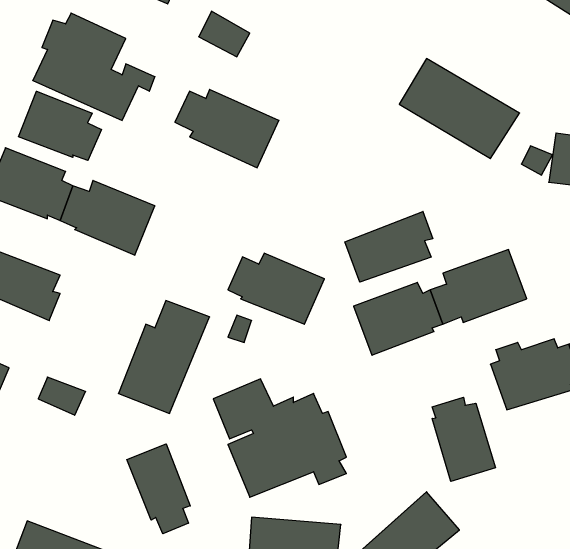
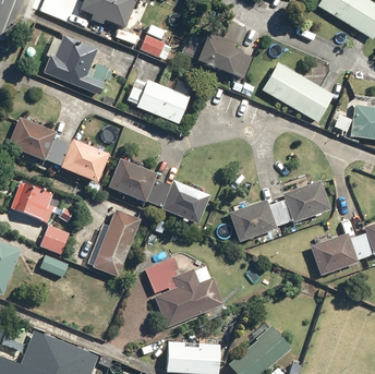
building: none -> [185,37,249,80]
building: [18,91,101,160] -> none
building: [345,211,433,282] -> none
building: none -> [111,156,165,201]
building: none -> [41,222,73,252]
building: [432,397,496,481] -> none
building: [127,444,190,534] -> none

